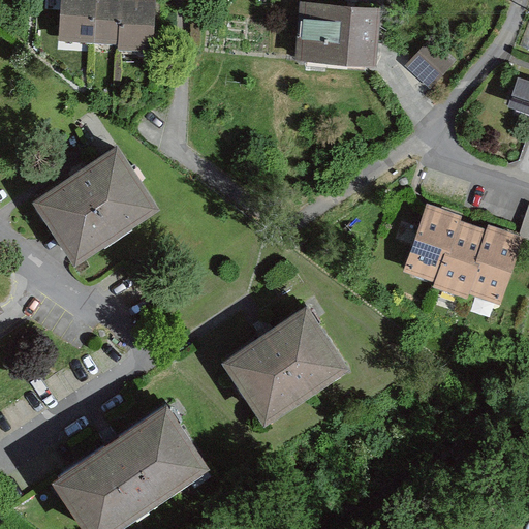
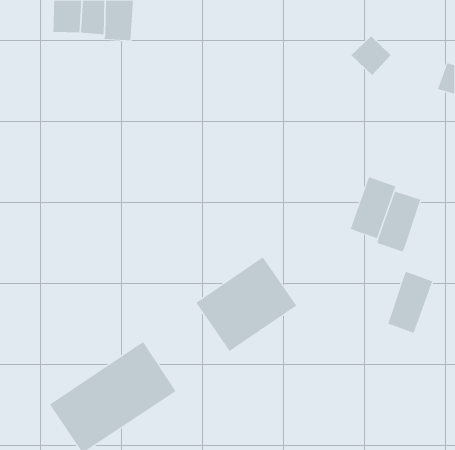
building: [298,11,377,71] -> none
building: [37,148,155,258] -> none
building: [469,232,522,305] -> [388,271,433,334]

